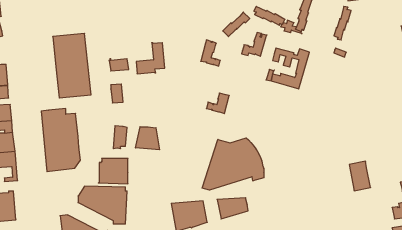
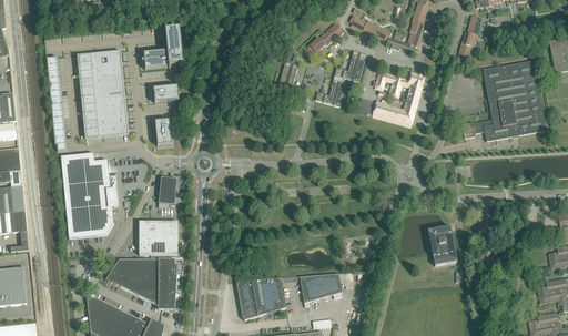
building: none -> [462,60,545,141]
building: [136,43,165,74] -> [143,27,182,69]
building: [206,93,229,114] -> [314,79,345,106]
building: [136,127,159,150] -> none
building: [202,138,264,190] -> none
building: [349,161,371,191] -> [427,225,456,265]

